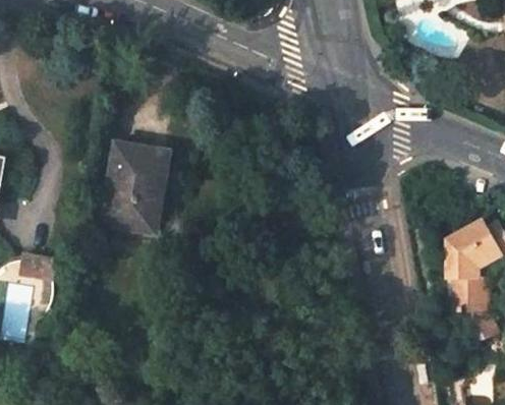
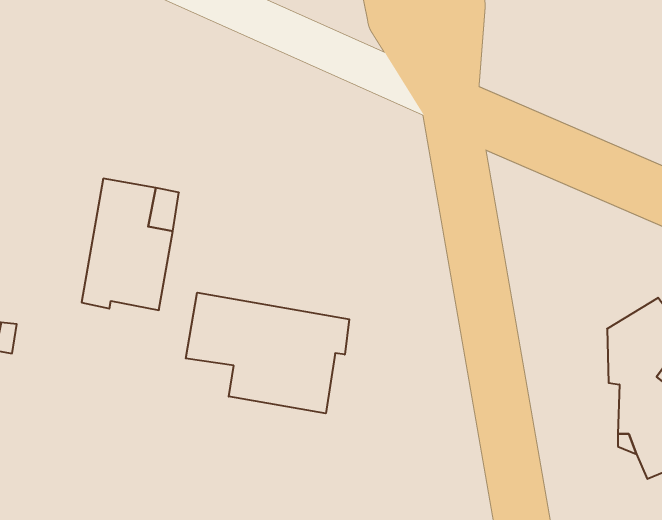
building: none -> [186,293,349,413]

